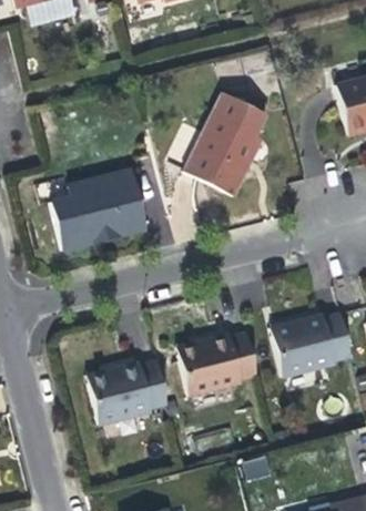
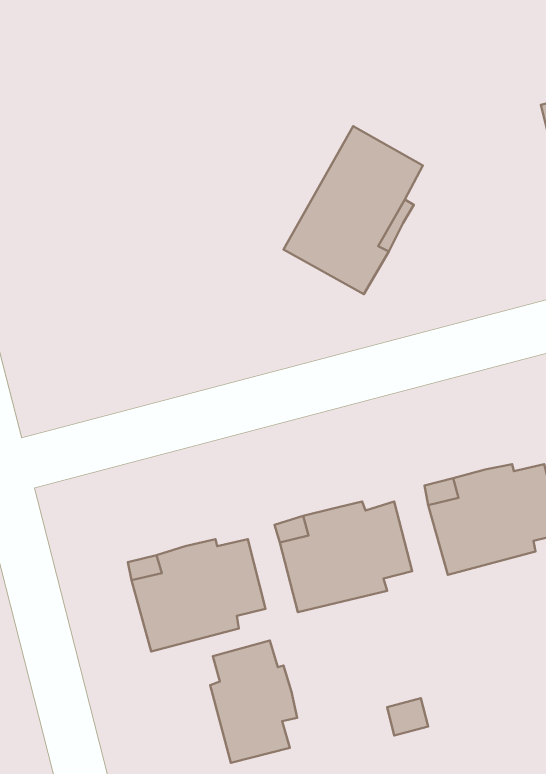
building: [54,168,151,248] -> none
building: none -> [210,640,297,763]

